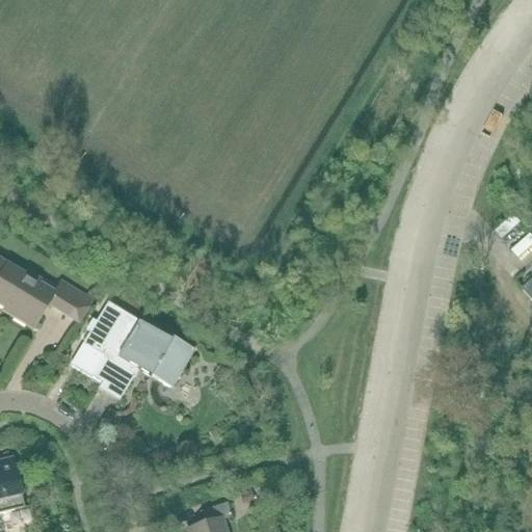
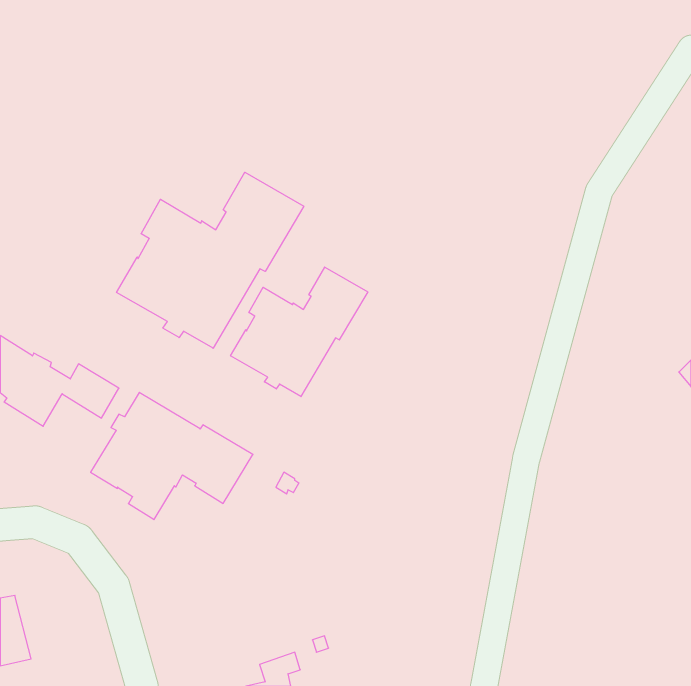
building: none -> [117,172,304,348]
building: none -> [231,267,368,397]

